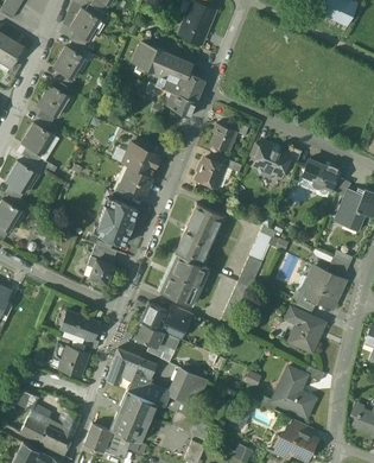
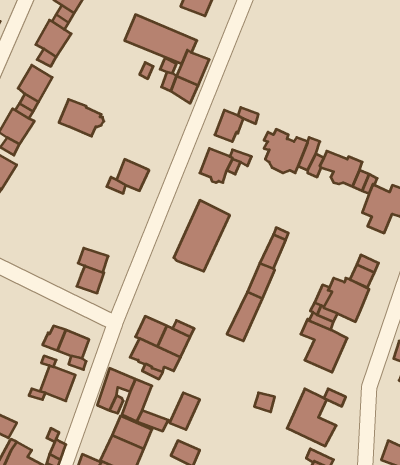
building: [121,142,160,175] -> [59,99,104,136]
building: [91,196,137,245] -> none
building: [159,254,205,304] -> none

